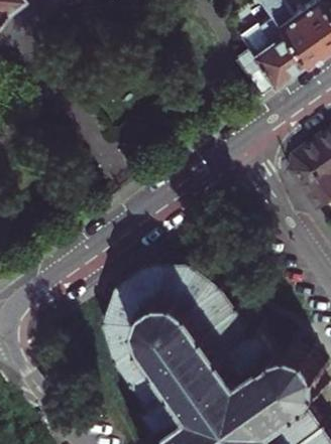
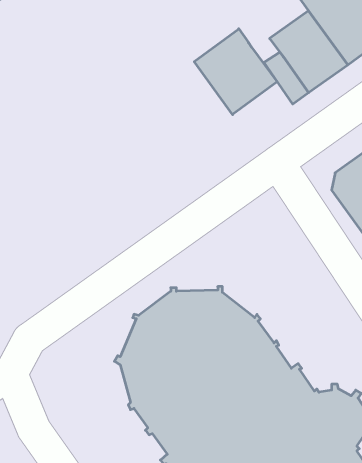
building: none -> [194,29,277,115]

